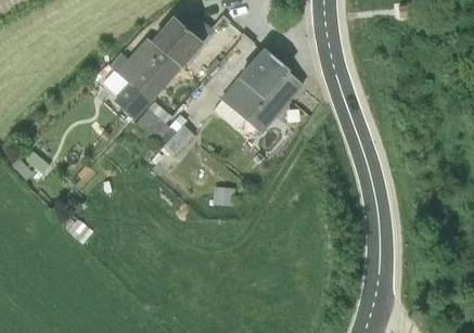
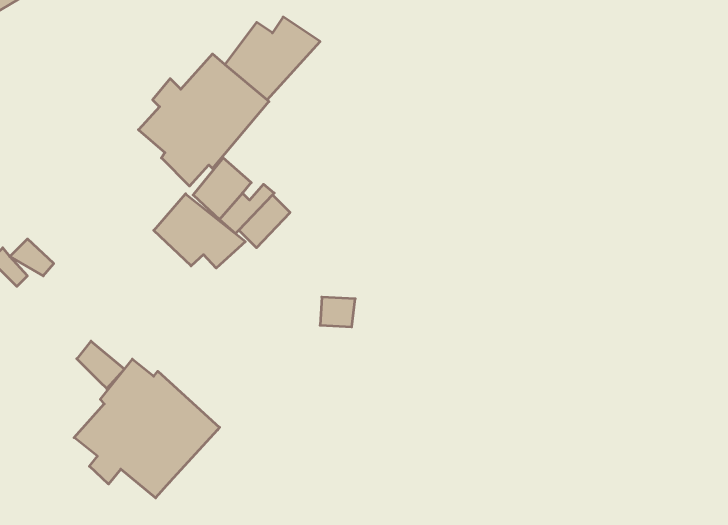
building: [213,50,302,132] -> none
building: none -> [154,194,245,268]
building: none -> [74,359,220,498]

